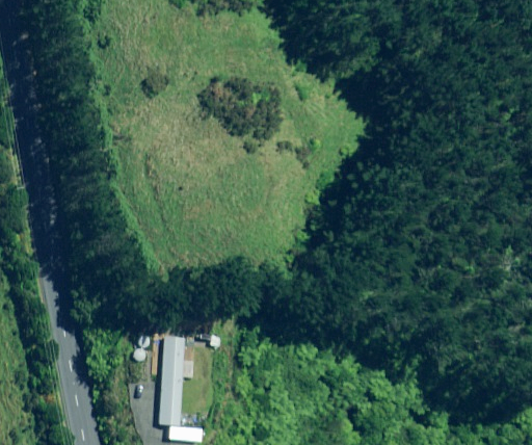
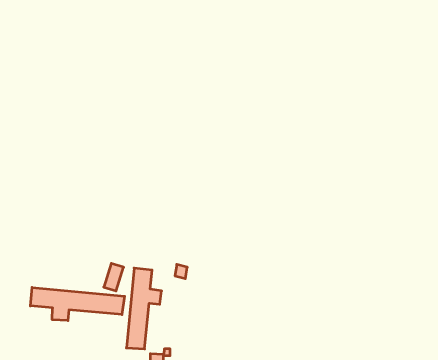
building: none -> [30,287,125,321]

